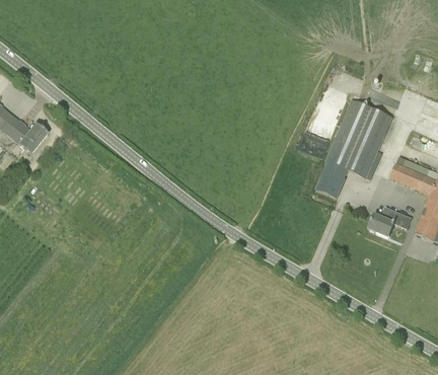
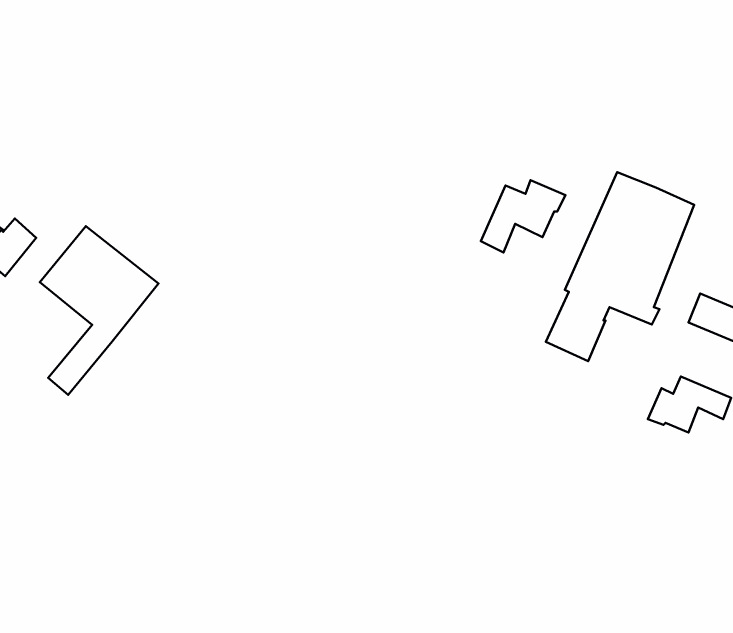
building: none -> [481,180,565,253]
building: none -> [40,226,159,395]

